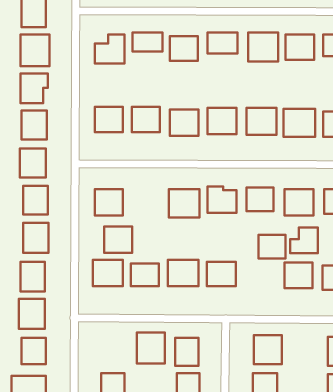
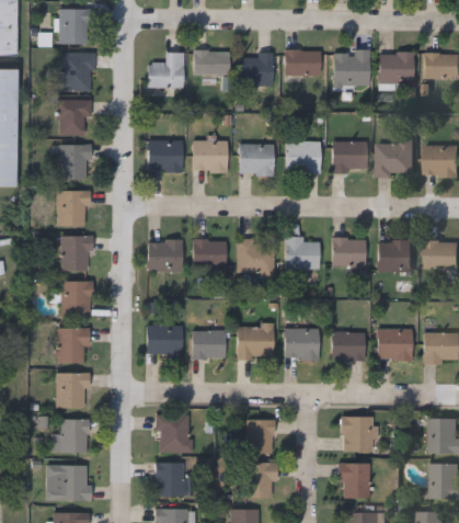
building: [104,226,132,253] -> [192,240,226,272]
building: [290,228,318,253] -> none
building: [259,235,286,258] -> [331,331,364,360]
building: [137,333,165,363] -> [156,416,190,453]

